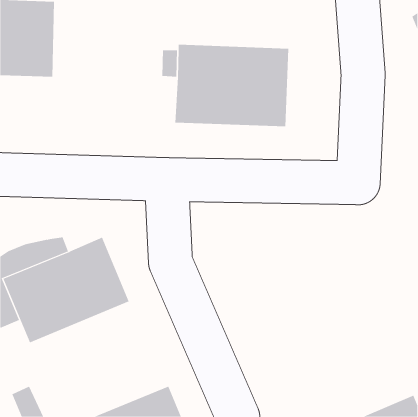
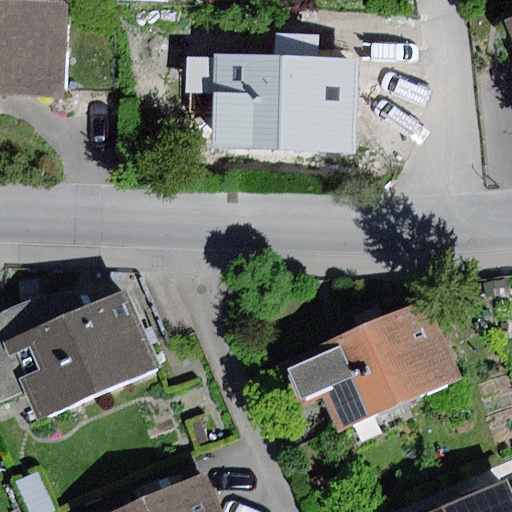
building: none -> [275,297,462,434]

